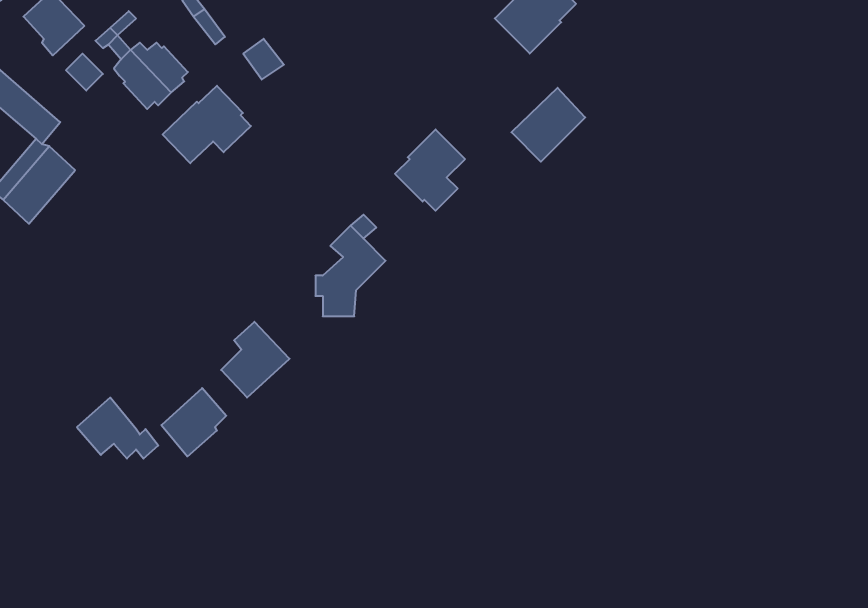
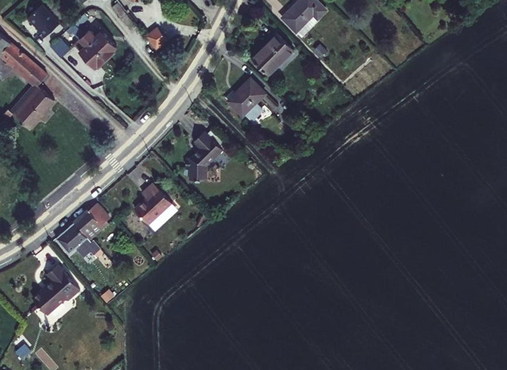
building: [163,86,251,163] -> none
building: [511,88,585,162] -> [252,34,292,74]
building: [161,388,226,456] -> [74,203,109,240]
building: none -> [33,264,80,314]

